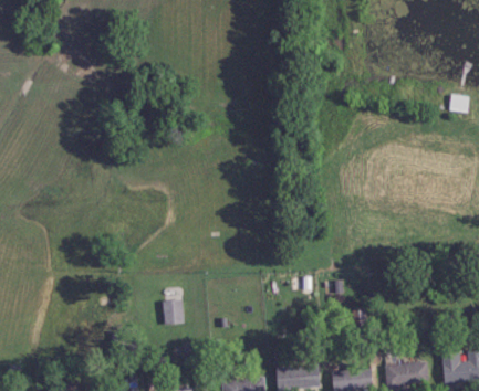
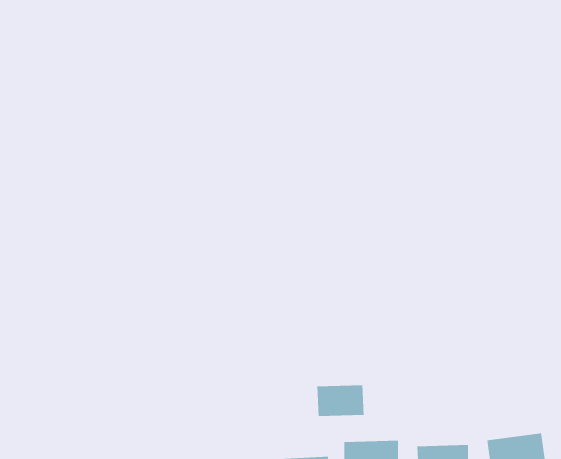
building: [162,297,185,324] -> none
building: none -> [317,384,364,417]

